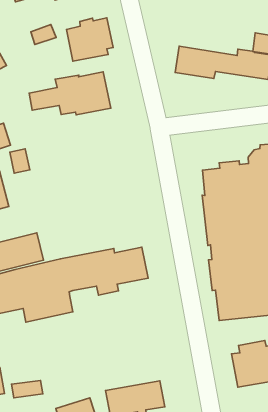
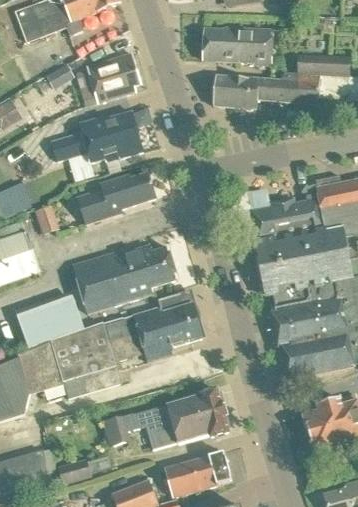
building: none -> [204,25,274,63]
building: none -> [78,172,156,222]
building: none -> [72,244,178,312]
building: none -> [104,387,229,449]

